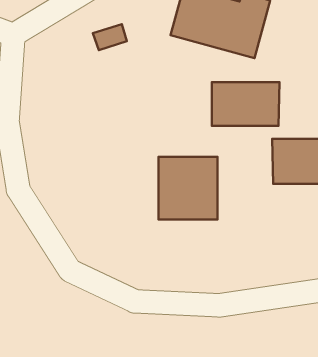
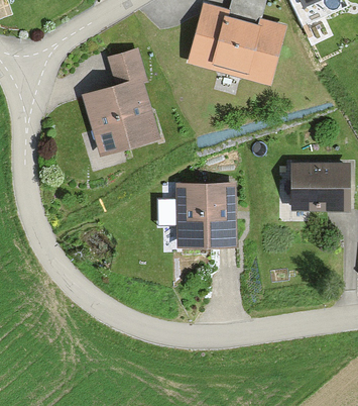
building: none -> [84,77,158,154]
building: [212,82,280,126] -> none

